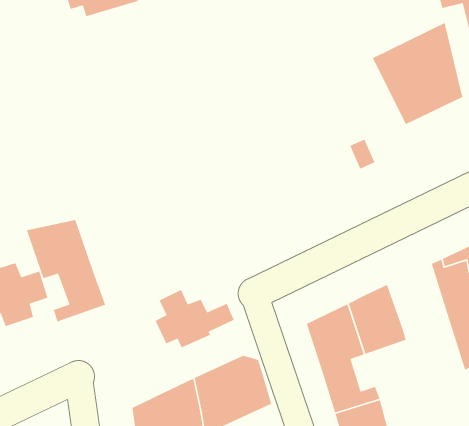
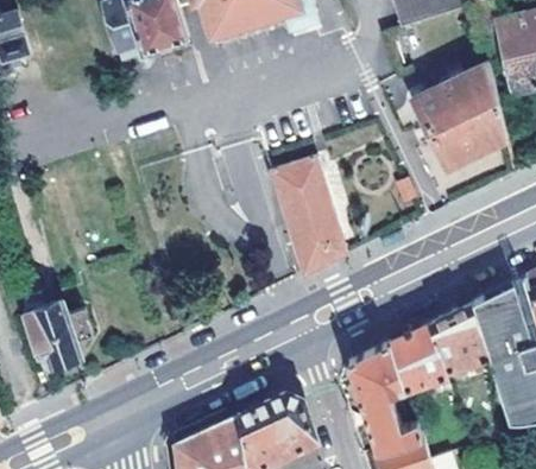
building: none -> [269,158,347,279]
building: [26,219,106,322] -> none
building: none -> [429,303,487,367]
building: [155,289,235,348] -> none

